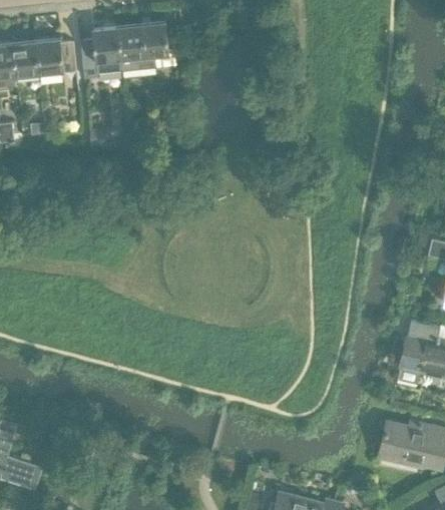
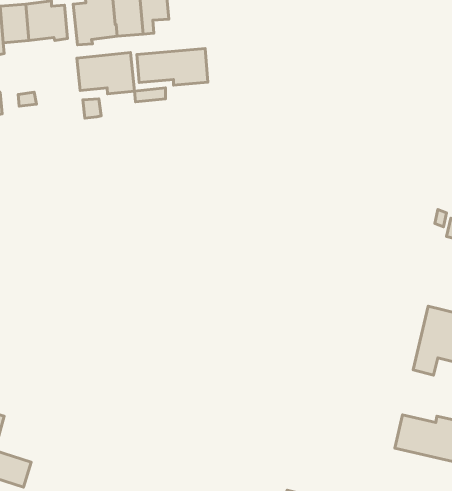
building: none -> [137,48,208,85]
building: none -> [77,52,134,94]

